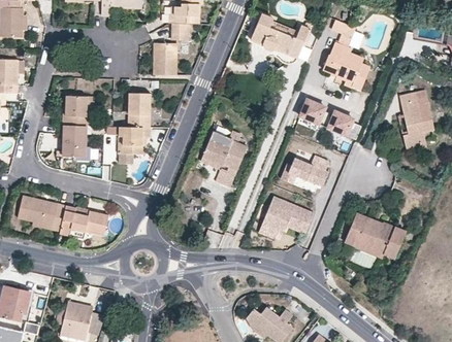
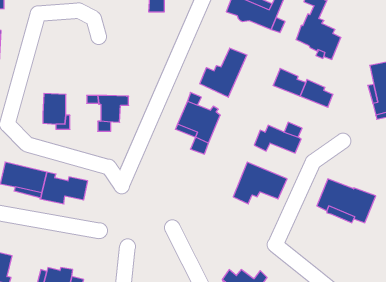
building: [152,42,174,73] -> none
building: none -> [200,48,247,97]
building: [127,93,149,127] -> none
building: [62,95,91,125] -> none

